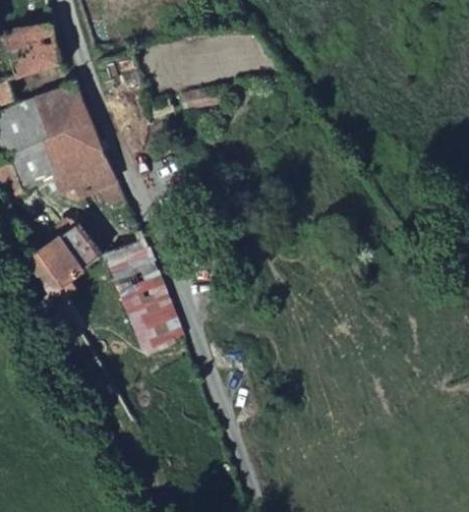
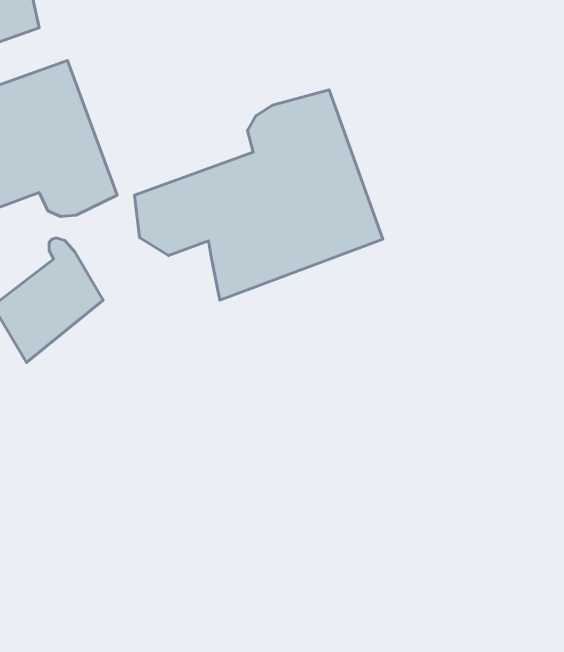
building: none -> [134,90,383,300]
building: [107,237,183,350] -> none

